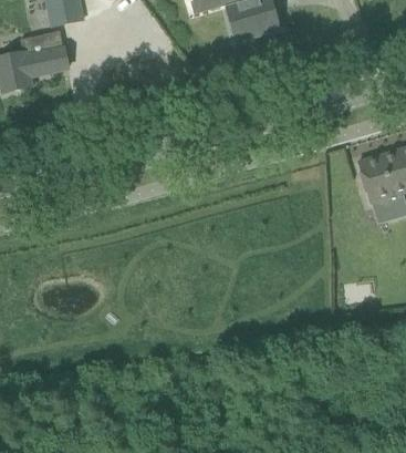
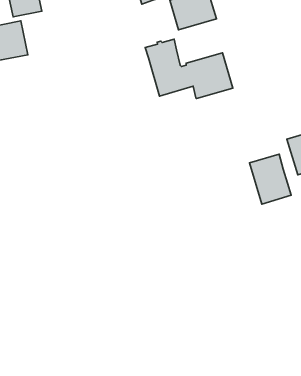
building: none -> [145,39,233,99]
building: none -> [250,154,291,204]

